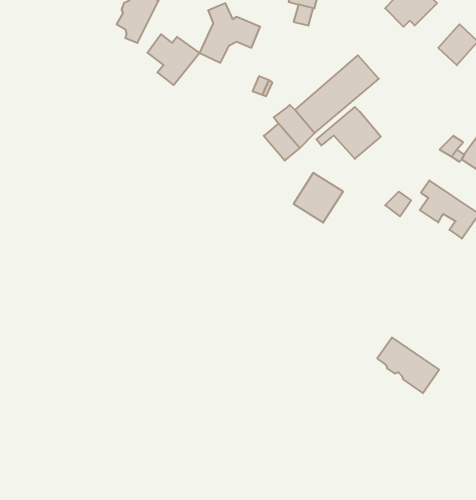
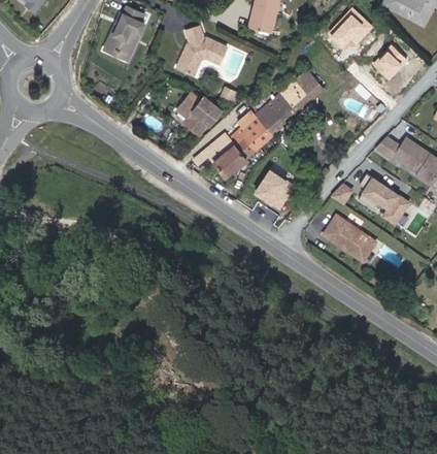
building: [147,34,199,85] -> [179,94,223,136]
building: [316,107,381,159] -> [193,133,246,176]
building: [377,337,439,393] -> [324,215,375,261]

